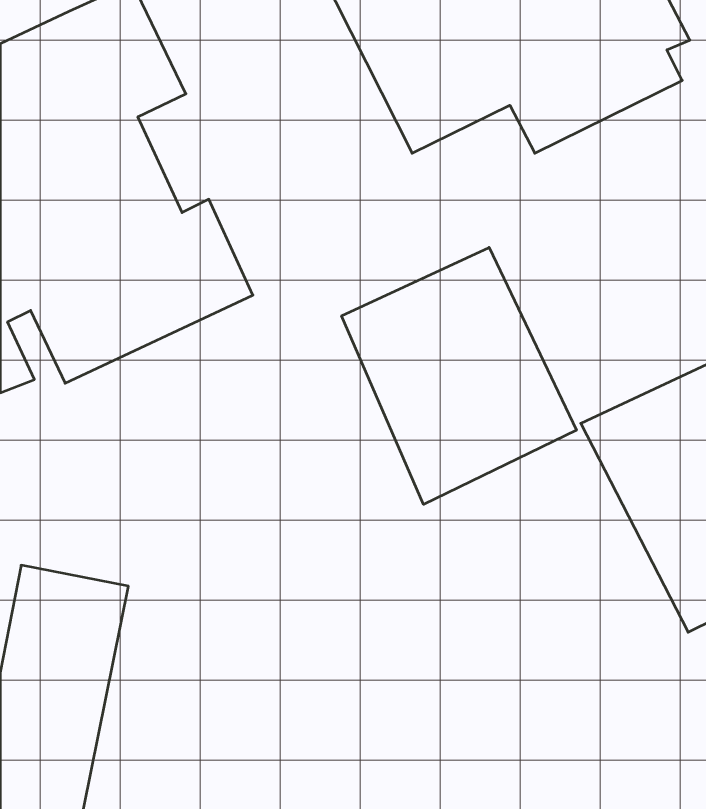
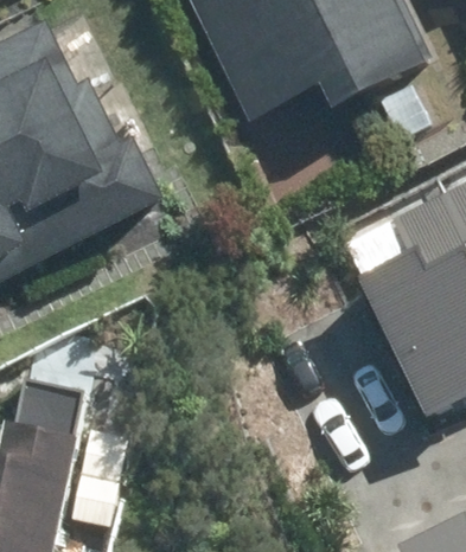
building: [342,247,576,504] -> none

